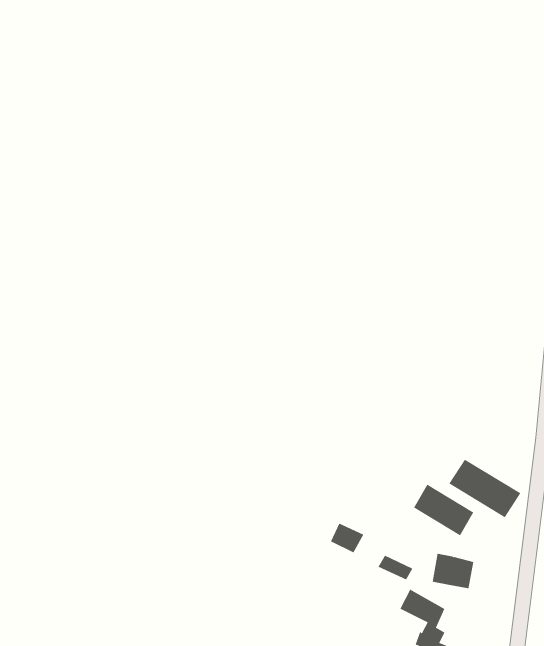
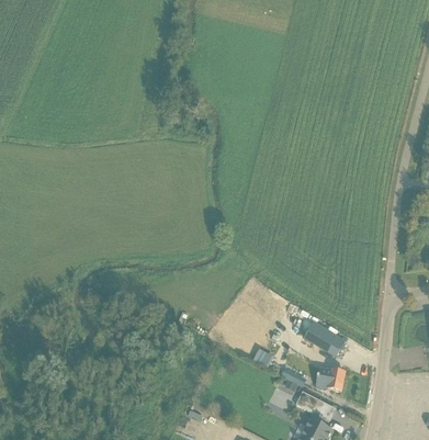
building: [448,459,521,518] -> none

